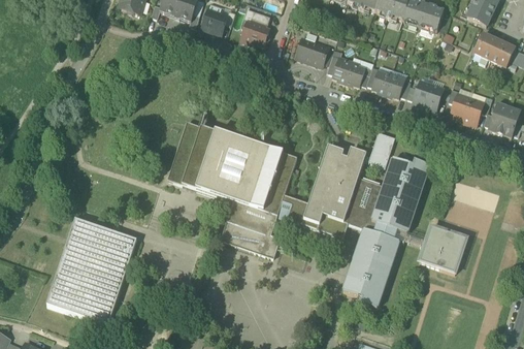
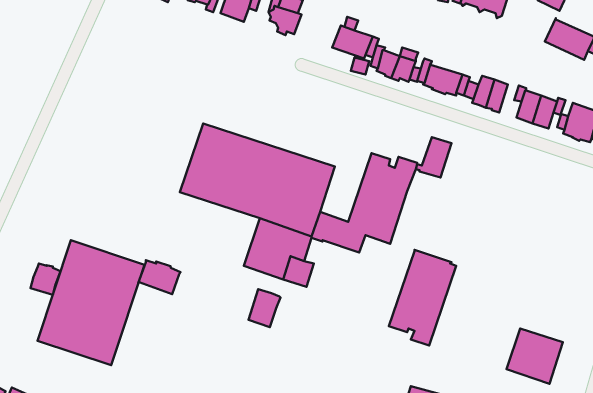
building: [318,156,430,236] -> none
building: [419,225,466,272] -> [506,329,563,384]
building: none -> [138,260,181,294]
building: none -> [30,264,61,295]
building: none -> [249,289,280,327]

